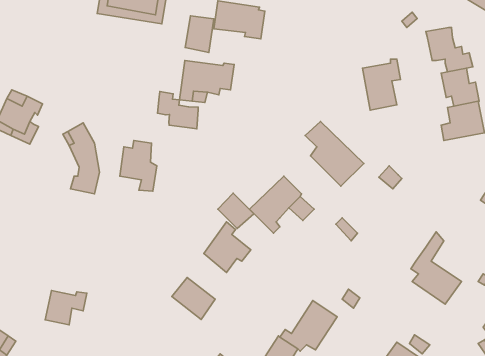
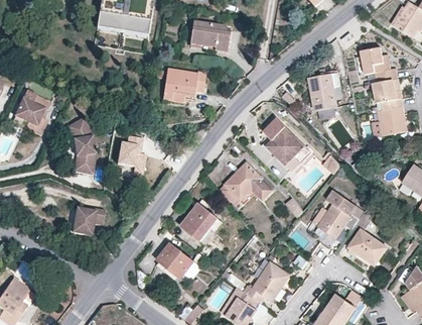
building: [185,16,214,53] -> none
building: [157,92,198,129] -> none
building: [218,193,254,229] -> none
building: none -> [318,189,359,236]
building: [45,290,87,325] -> [75,210,108,237]

